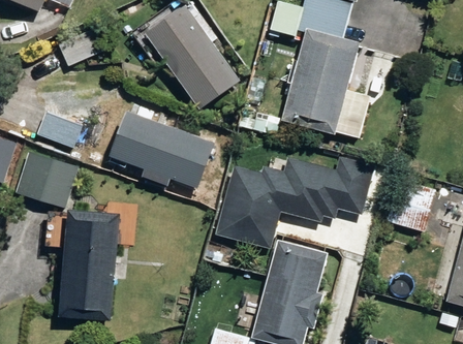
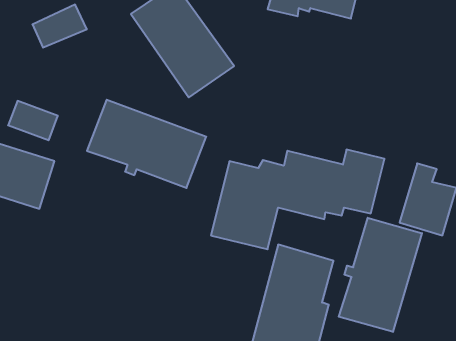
building: [283,30,359,135] -> none
building: [58,211,120,322] -> none
building: none -> [339,218,422,332]

